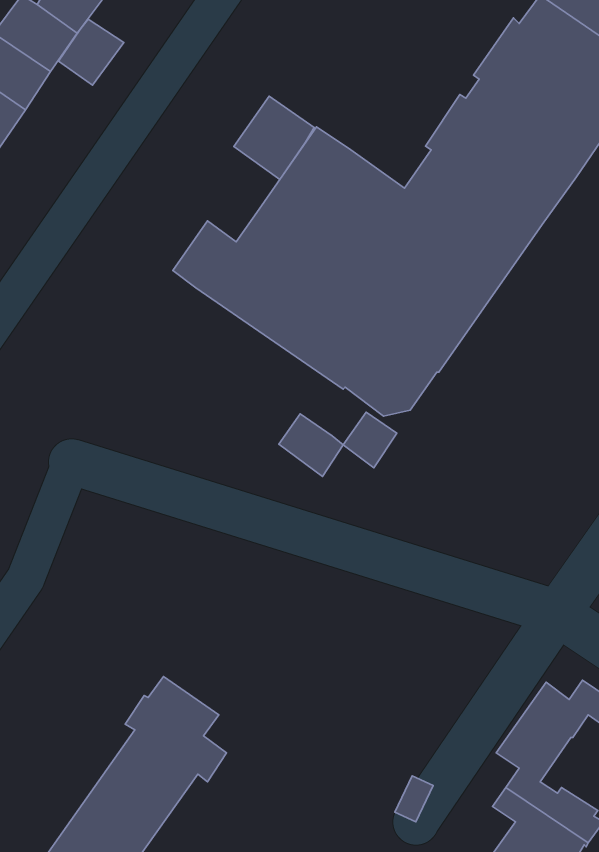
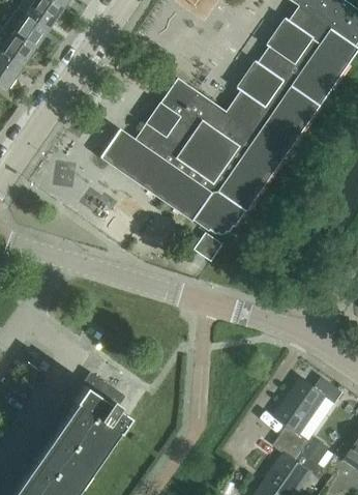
building: [58,19,124,85] -> none
building: [234,96,314,180] -> none
building: [279,414,343,476] -> none

